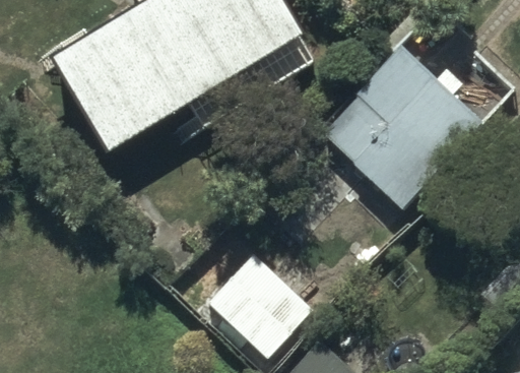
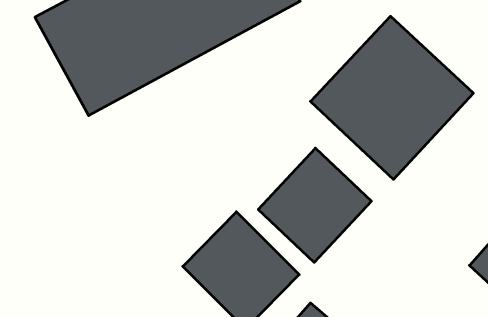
building: none -> [258,148,371,262]

